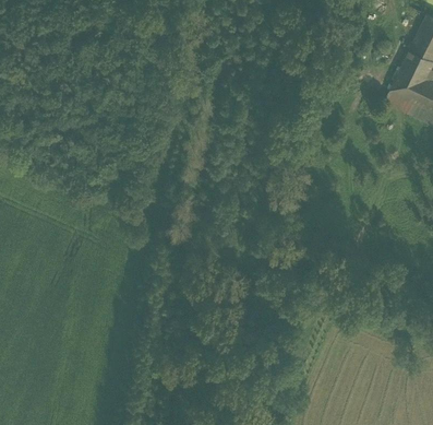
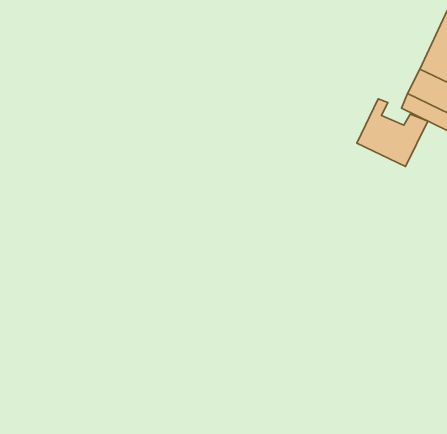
building: none -> [357,99,428,167]

